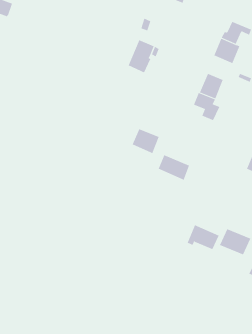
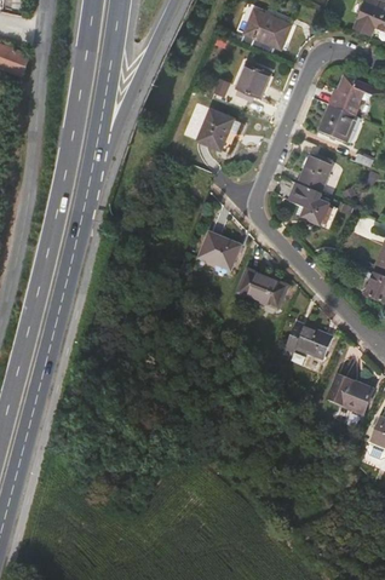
building: none -> [240,61,272,94]
building: [187,225,220,250] -> [286,321,333,357]

